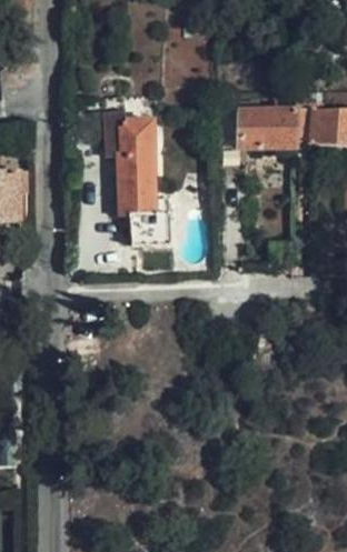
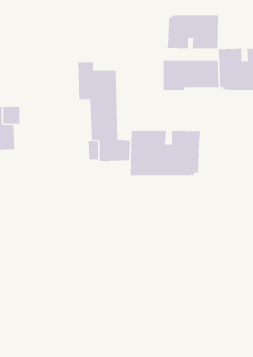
building: none -> [167,15,219,49]
building: none -> [130,130,201,176]

